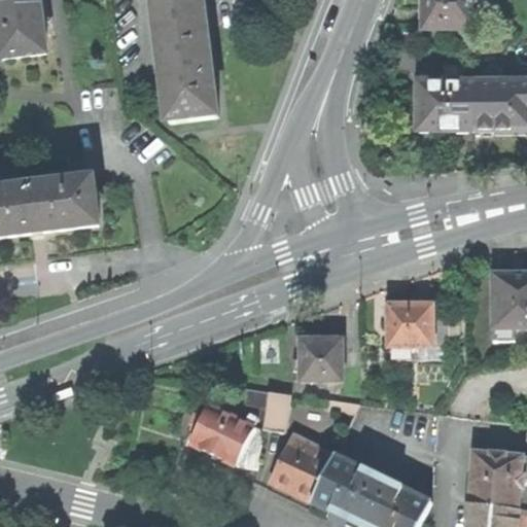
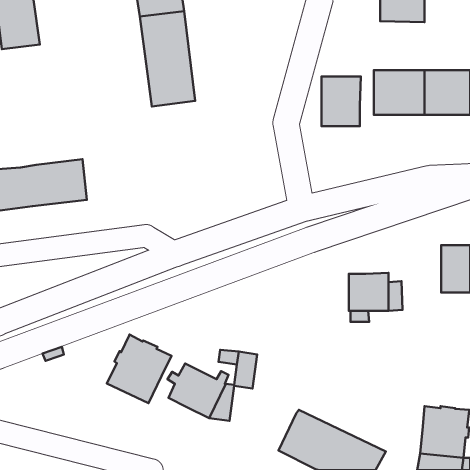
building: none -> [322,76,361,126]
building: [300,338,341,380] -> none
building: none -> [107,335,172,403]
building: [269,440,329,501] -> none

